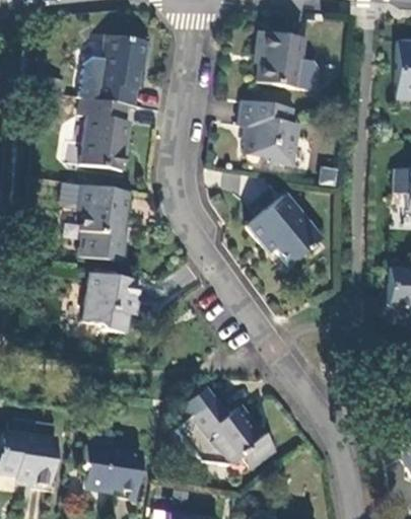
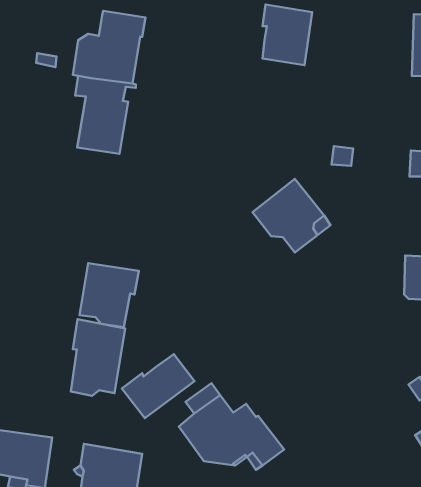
building: [238,100,298,165] -> none
building: [62,181,130,263] -> none
building: none -> [71,319,125,396]
building: none -> [122,354,195,418]

